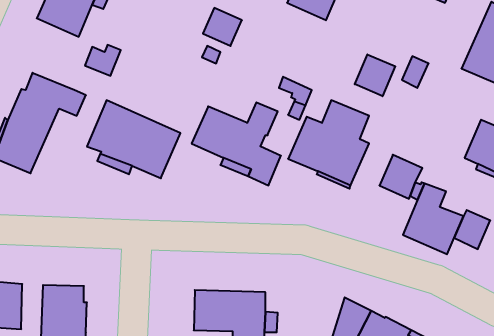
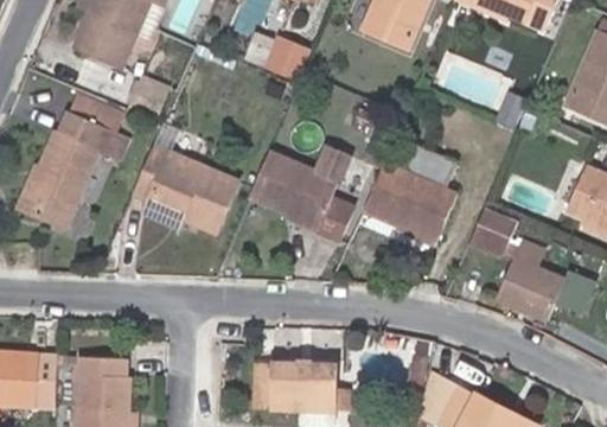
building: none -> [69,90,124,132]
building: [355,54,395,96] -> none

